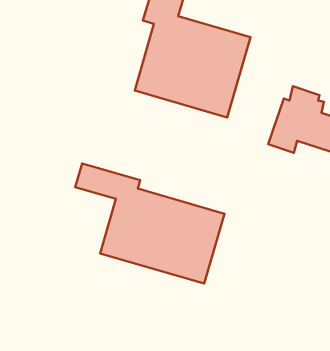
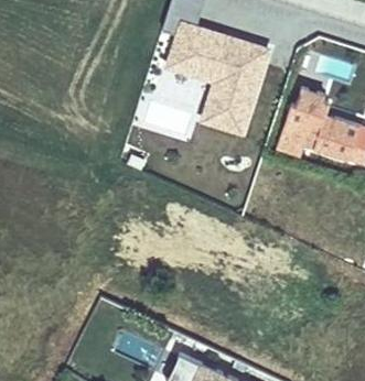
building: [75,164,224,283] -> none

